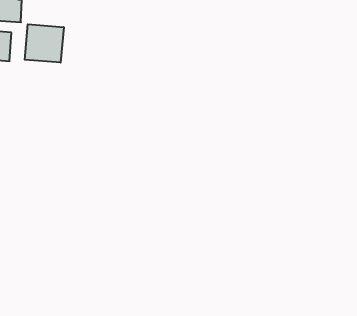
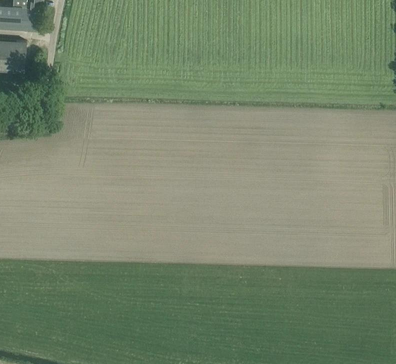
building: [25,24,64,63] -> none

